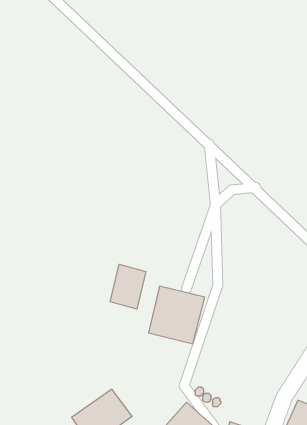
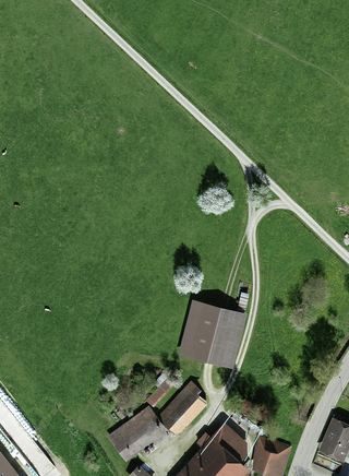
building: [110,264,146,309] -> none
building: none -> [165,393,207,438]

